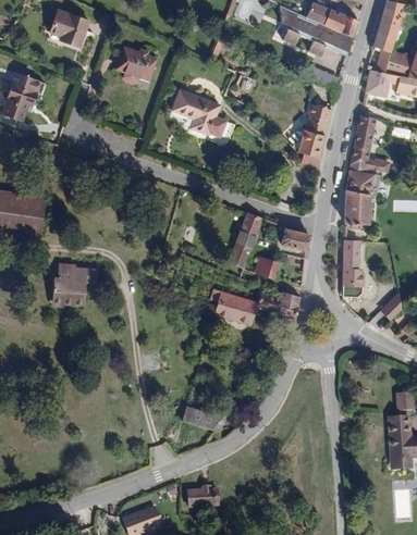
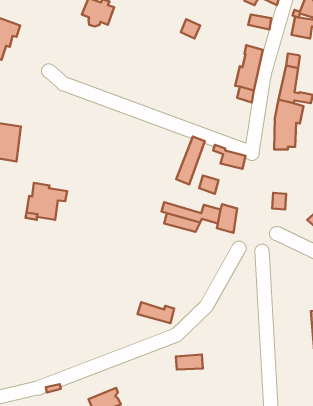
building: [173,89,222,133] -> none
building: [343,240,359,278] -> none
building: [189,488,221,506] -> [176,355,203,369]

